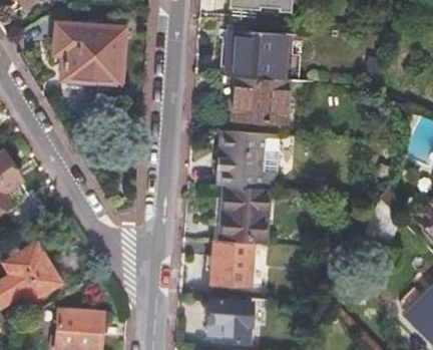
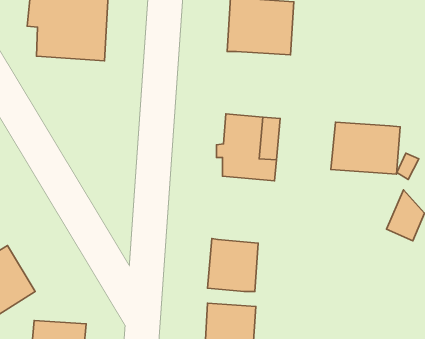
building: [231,76,291,121] -> [331,122,400,174]
building: [219,185,268,243] -> none

